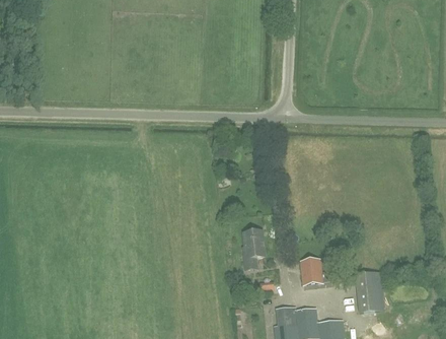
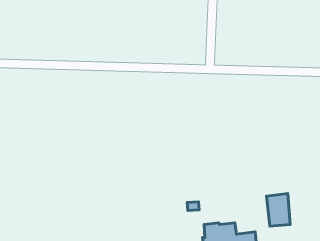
building: [243,229,265,269] -> none
building: [301,260,322,285] -> none

